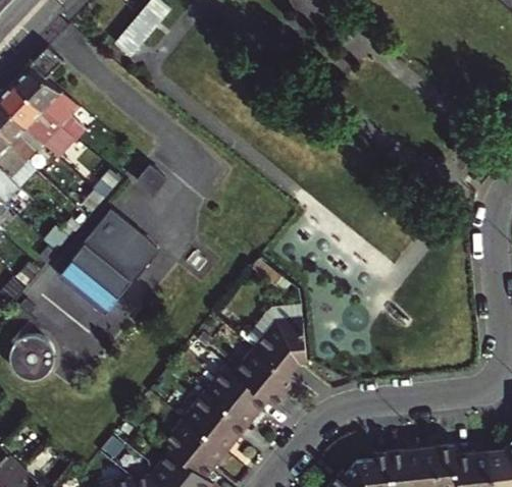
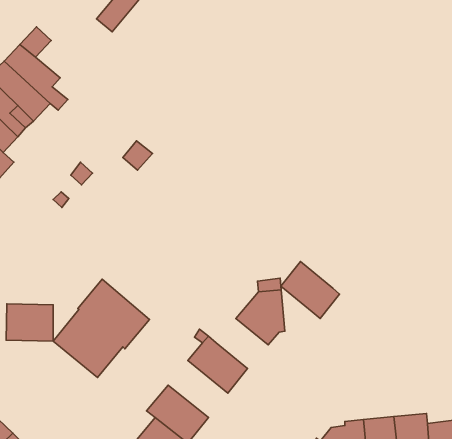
building: [59,209,159,311] -> [53,279,149,377]
building: [235,350,296,410] -> [281,262,340,319]
building: [185,394,247,453] -> none

